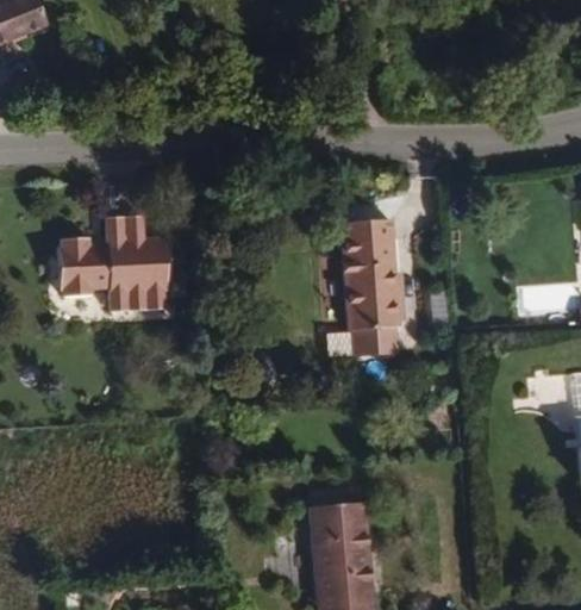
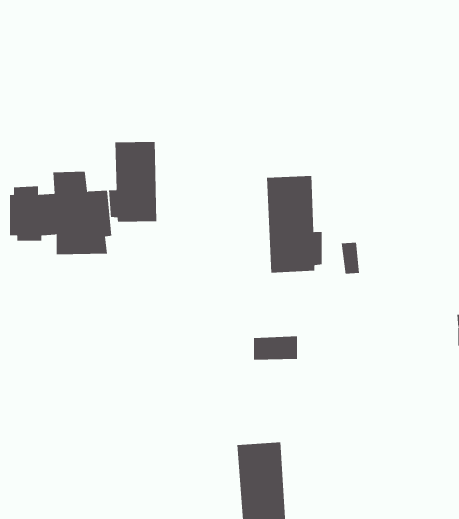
building: none -> [109,141,157,223]
building: [350,326,400,354] -> [253,336,298,360]

